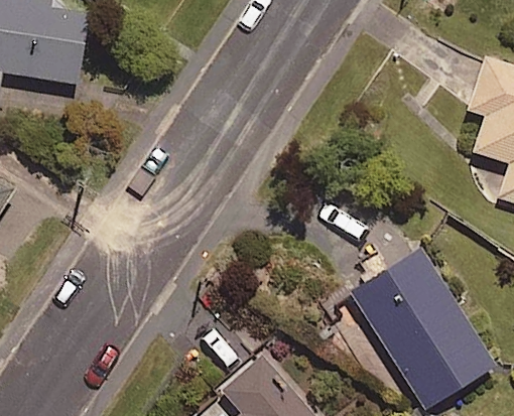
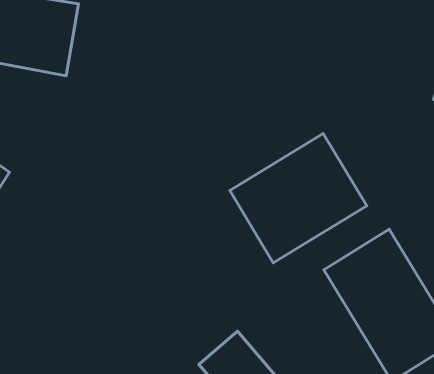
building: none -> [230,133,367,263]

